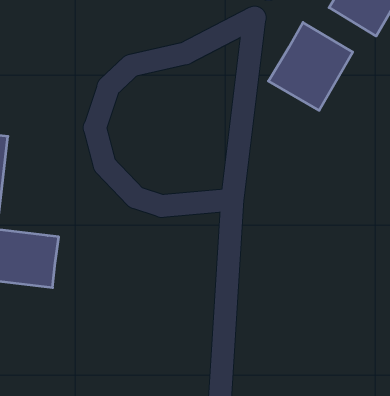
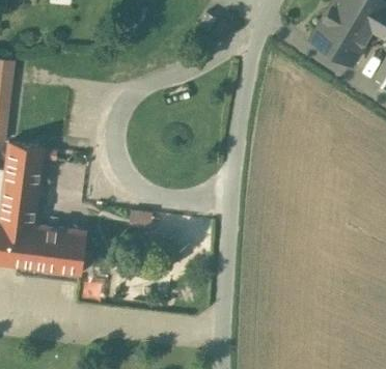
building: [268,22,353,110] -> none

